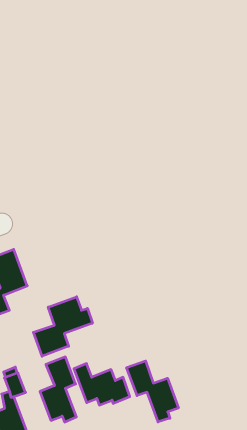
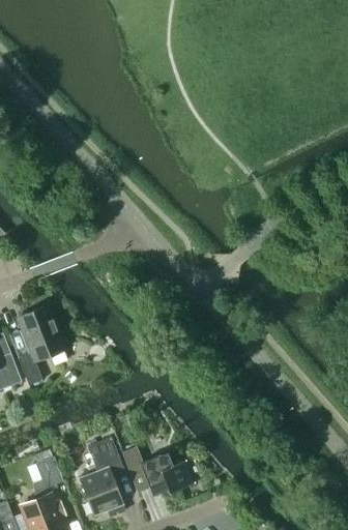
building: [33,297,92,356] -> none
building: [127,361,178,422] -> none

